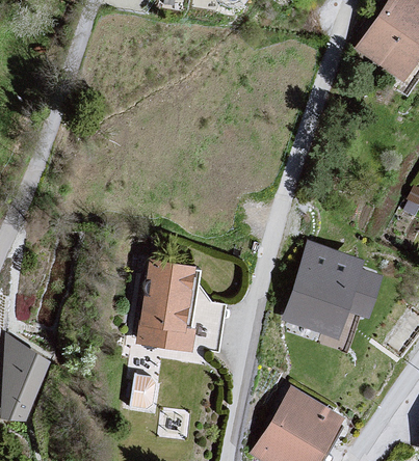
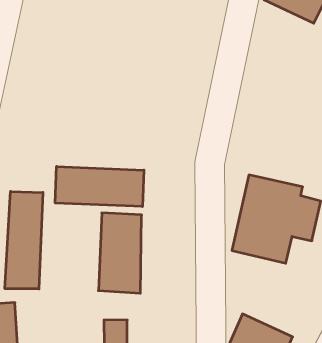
building: none -> [55,166,144,207]
building: none -> [5,191,43,289]

